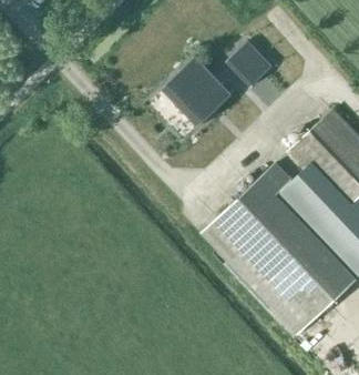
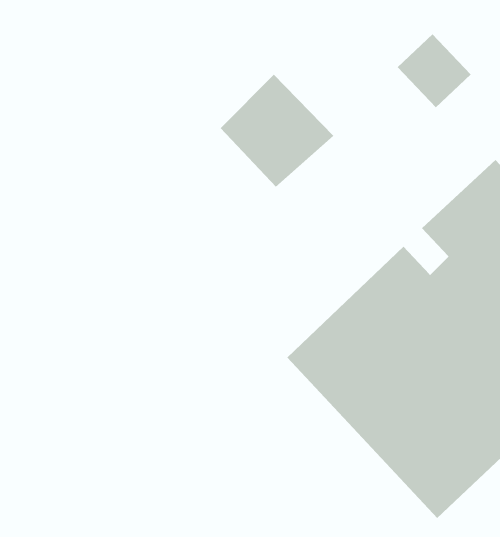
building: [225,40,271,87] -> [397,34,471,108]

